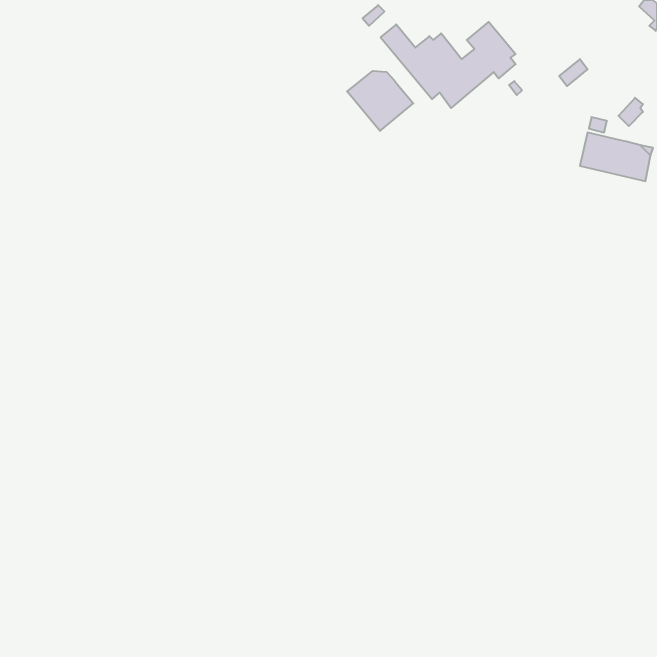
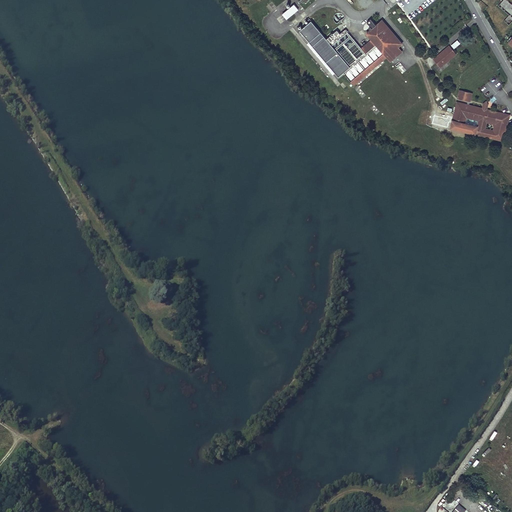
building: [347,71,413,131] -> none

